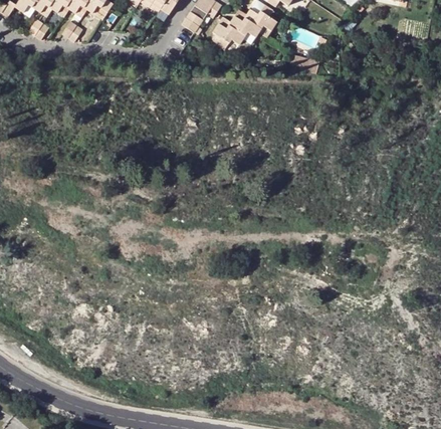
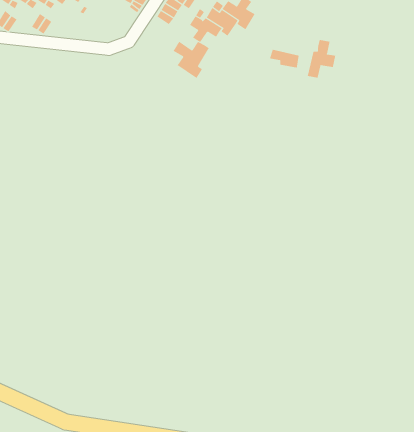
building: none -> [307,39,336,78]
building: none -> [173,41,210,79]

